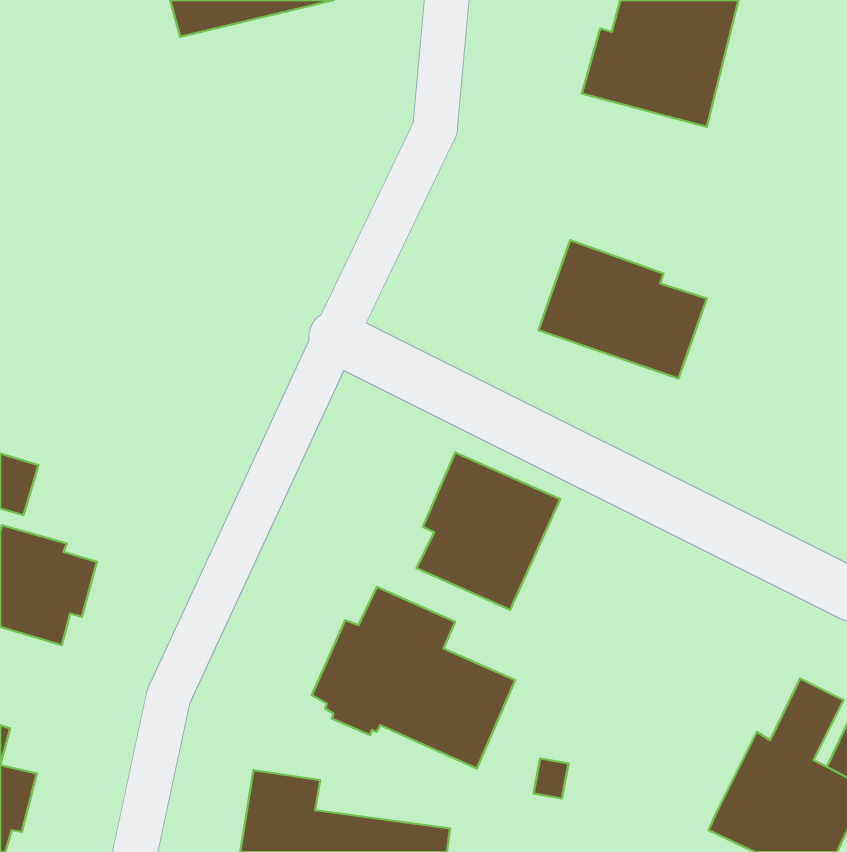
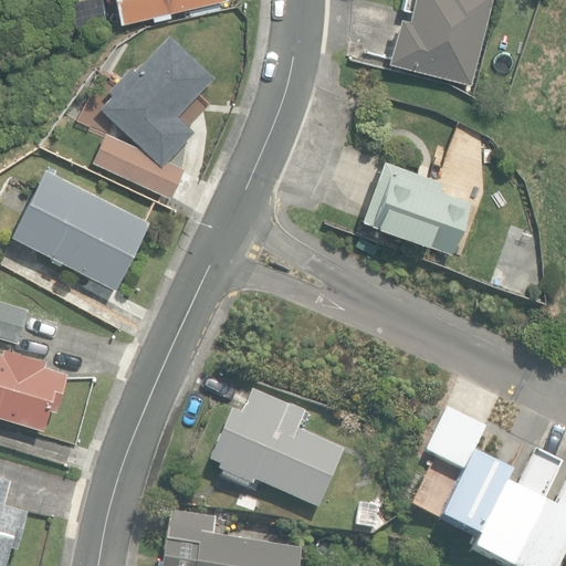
building: none -> [94,34,214,197]
building: none -> [12,168,150,287]
building: [416,452,560,610] -> none
building: none -> [426,410,511,538]

